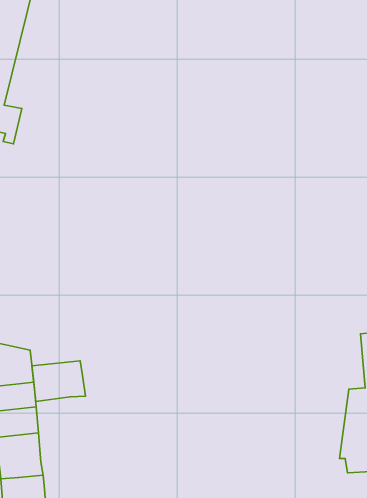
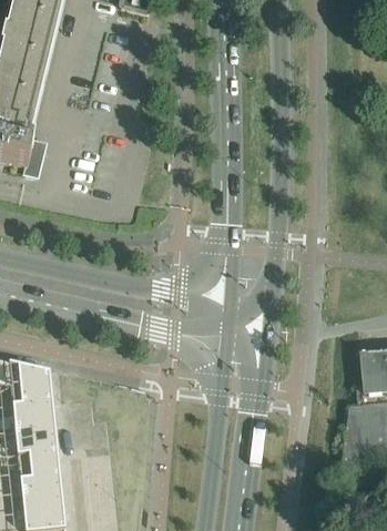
building: [32,361,85,402] -> none

